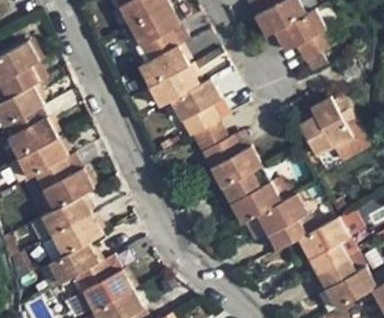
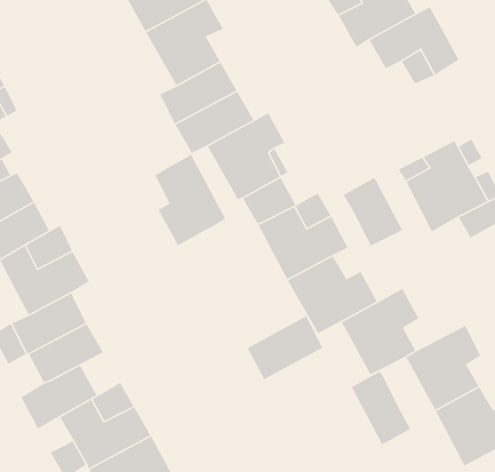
building: none -> [154,154,226,246]
building: none -> [342,177,403,247]
building: none -> [247,315,323,380]
building: none -> [351,370,411,446]

